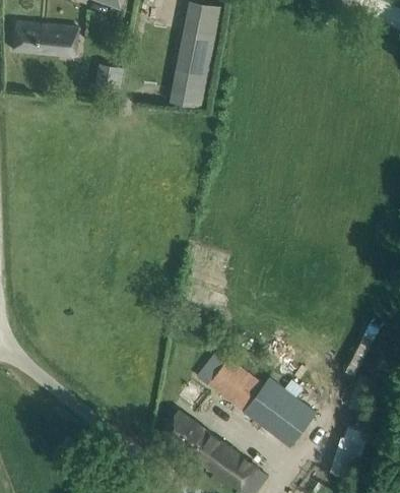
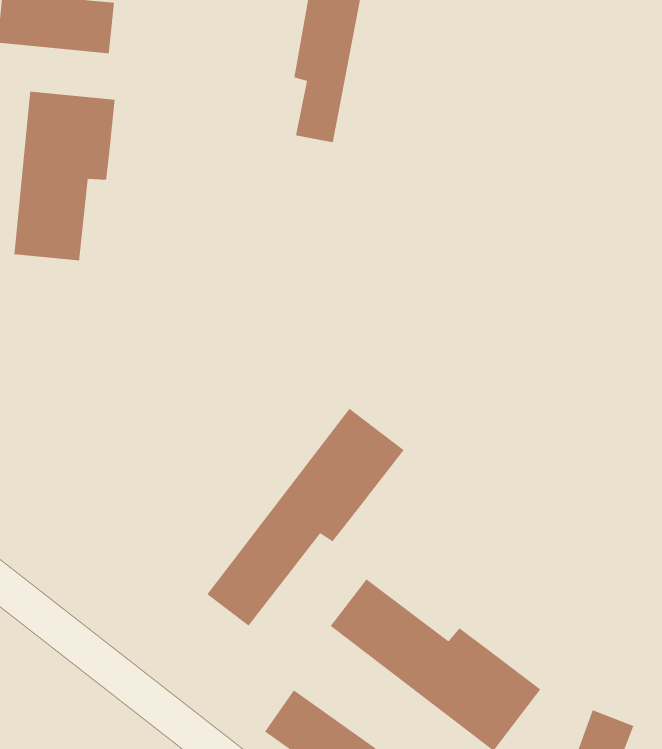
building: none -> [14,91,115,261]
building: none -> [206,408,404,627]

